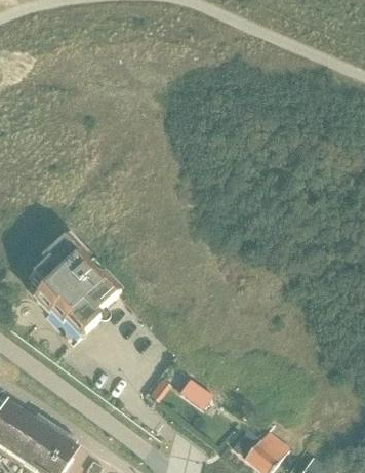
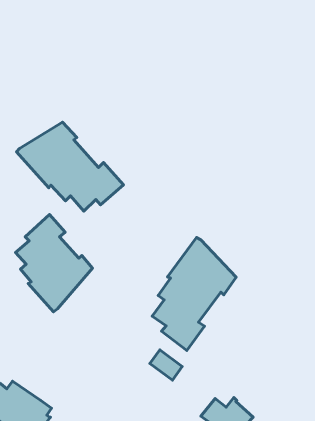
building: none -> [16,122,124,211]
building: none -> [152,237,236,350]

